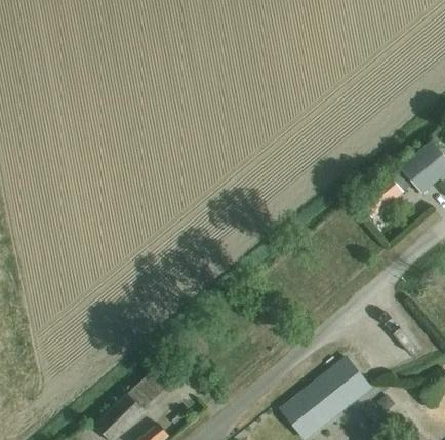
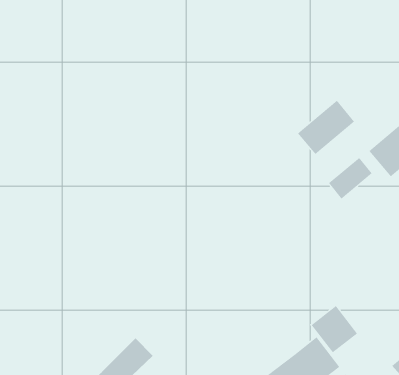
building: none -> [297,100,355,155]
building: none -> [311,305,358,353]

